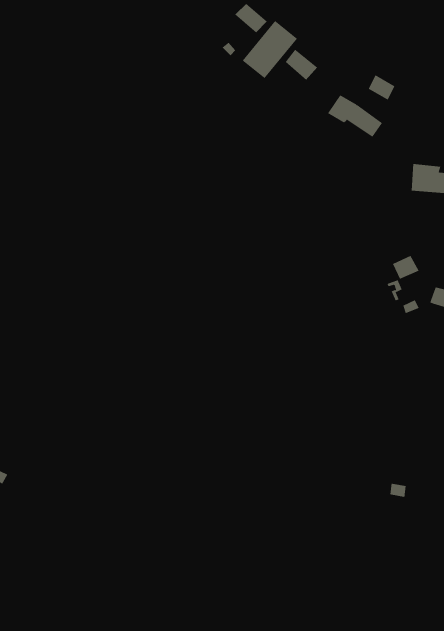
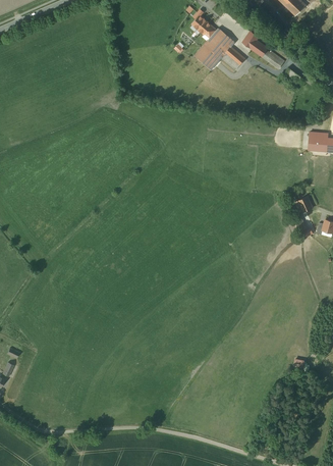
building: [327,95,383,138] -> [242,42,282,72]

